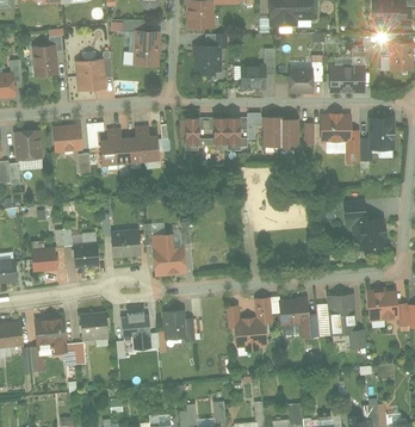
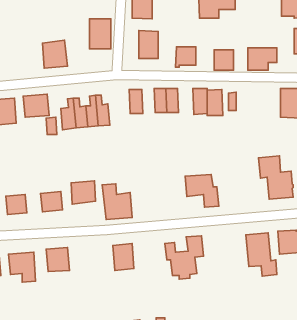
building: [30,43,58,78] -> none
building: [320,113,358,153] -> none
building: [277,297,318,338] -> [185,174,219,207]
building: [120,312,151,352] -> none

